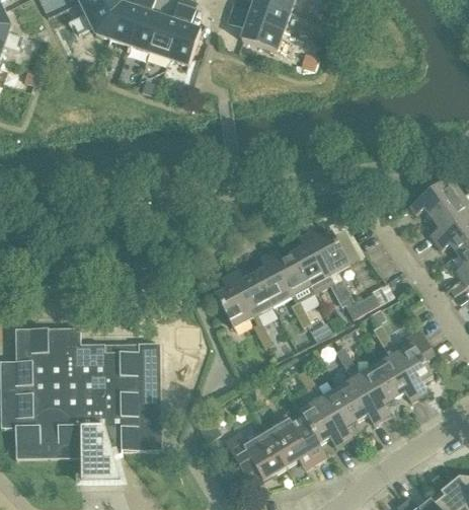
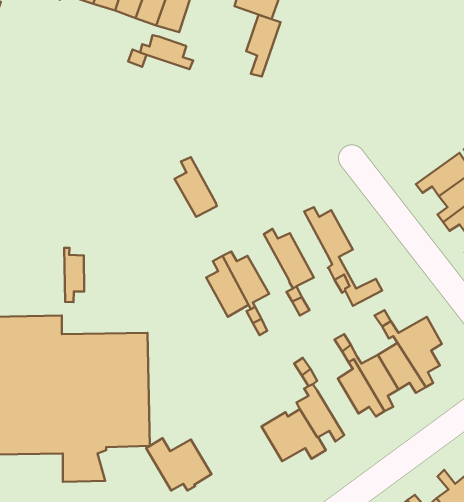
building: none -> [246,15,281,77]
building: none -> [140,35,193,69]
building: [293,231,332,293] -> none
building: [253,252,293,308] -> [174,157,217,217]
building: none -> [64,248,84,302]
building: [318,387,357,440] -> none
building: [225,431,286,480] -> [146,438,211,490]

